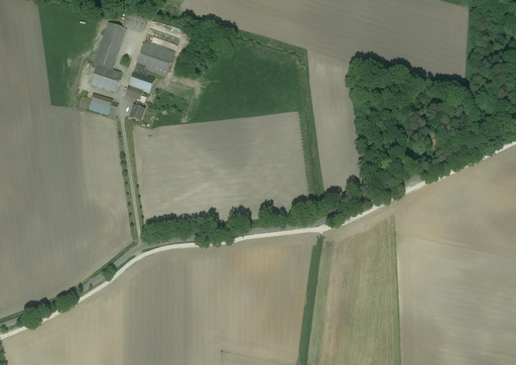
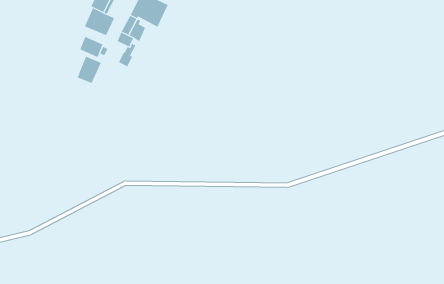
building: none -> [77,56,101,84]

